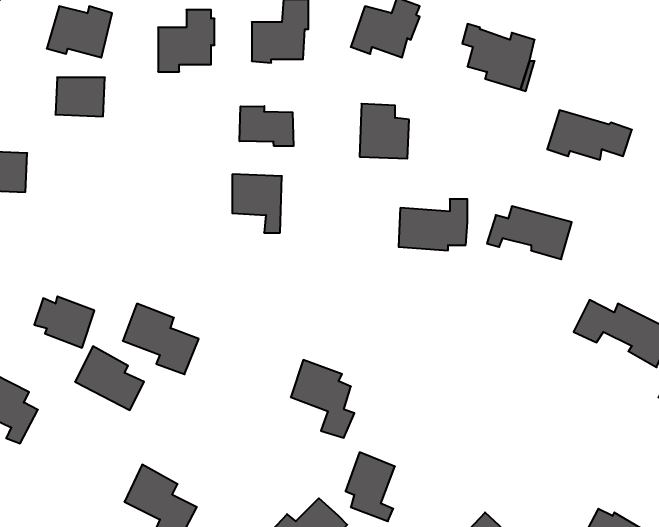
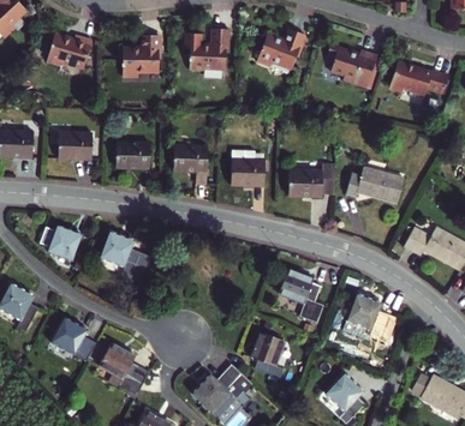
building: [55,77,105,116] -> [61,132,95,158]
building: [360,104,409,159] -> [231,149,264,186]
building: [240,106,294,146] -> none
building: [547,110,632,160] -> [392,61,449,95]
building: none -> [117,142,150,169]
building: [75,346,144,410] -> [49,318,96,361]
building: [291,360,354,438] -> [280,270,323,323]
building: none -> [347,301,397,352]

